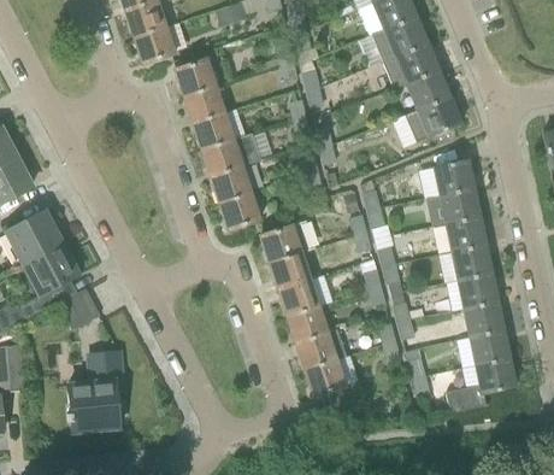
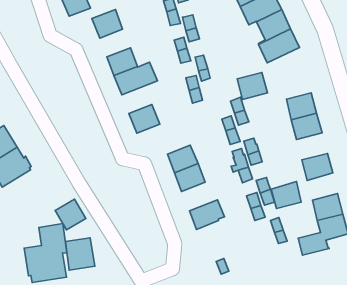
building: [184,86,226,123] -> none
building: [434,159,475,195] -> [237,72,267,99]
building: [211,160,261,204] -> none
building: [260,221,316,263] -> none
building: [450,245,493,281] -> none
building: [58,288,100,330] -> [55,199,86,230]
building: [462,301,503,338] -> [271,182,301,209]
building: [287,305,336,344] -> none
building: [305,359,346,397] -> none
building: none -> [66,238,95,270]

